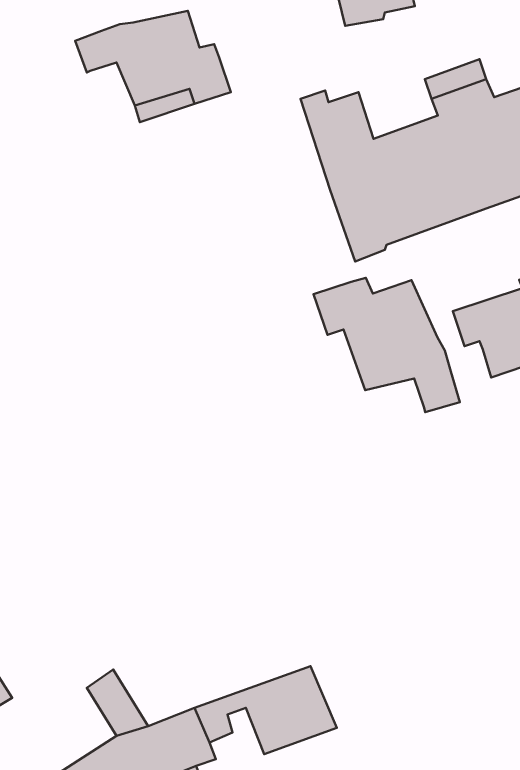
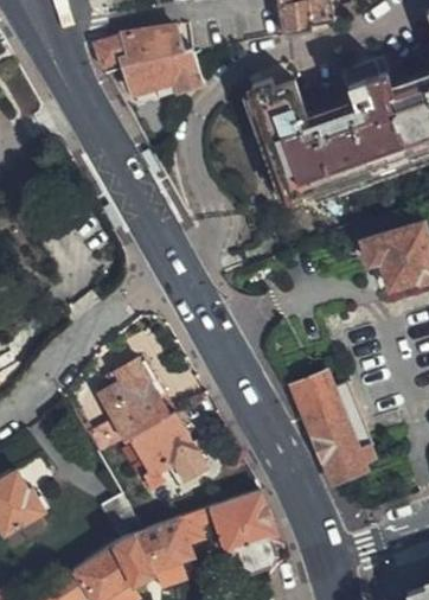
building: [314,278,460,412] -> none
building: none -> [105,360,204,483]
building: none -> [293,371,372,483]

